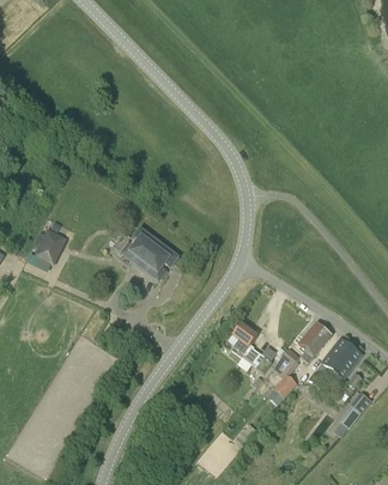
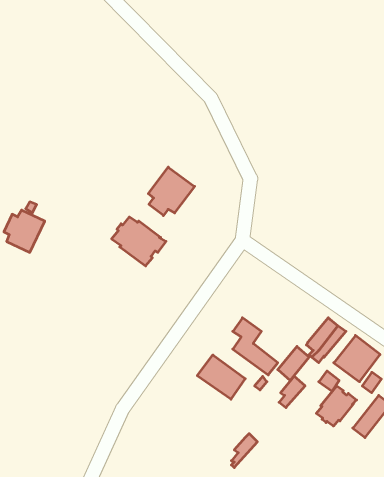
building: none -> [148,167,195,216]
building: none -> [197,355,245,399]
building: none -> [316,386,357,426]

